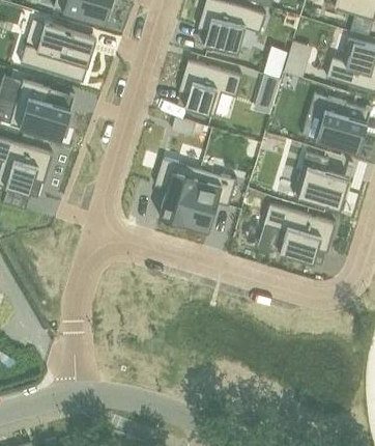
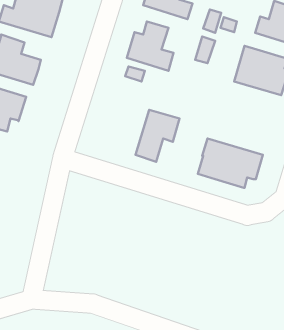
building: [293,152,349,208] -> none
building: [154,158,200,223] -> none

